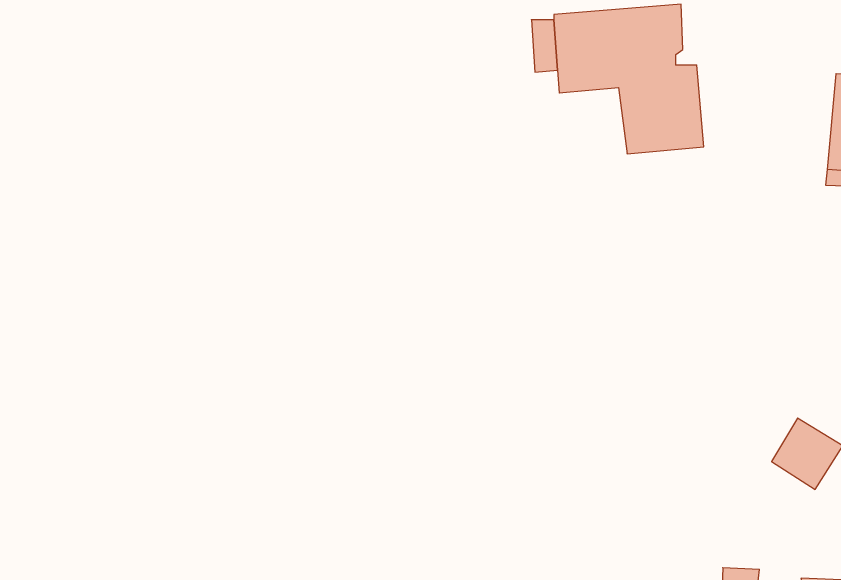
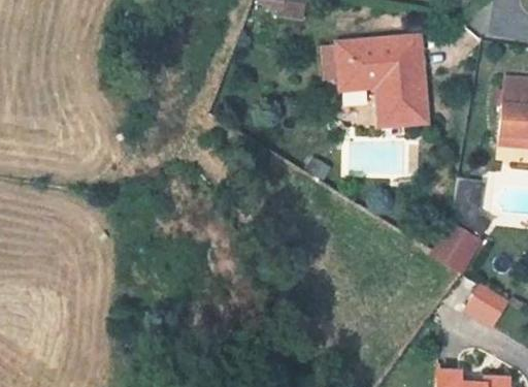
building: none -> [453,179,490,235]
building: none -> [431,221,482,270]

